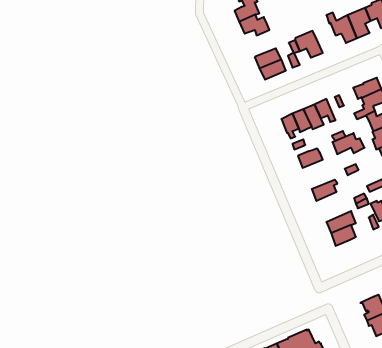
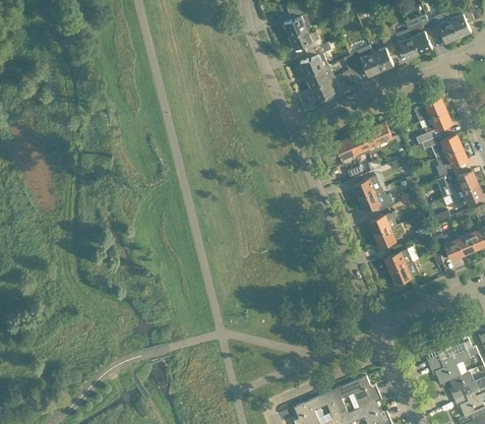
building: none -> [373,38,396,71]
building: none -> [301,43,331,76]
building: [332,133,365,154] -> [359,188,395,211]
building: none -> [374,224,406,247]

